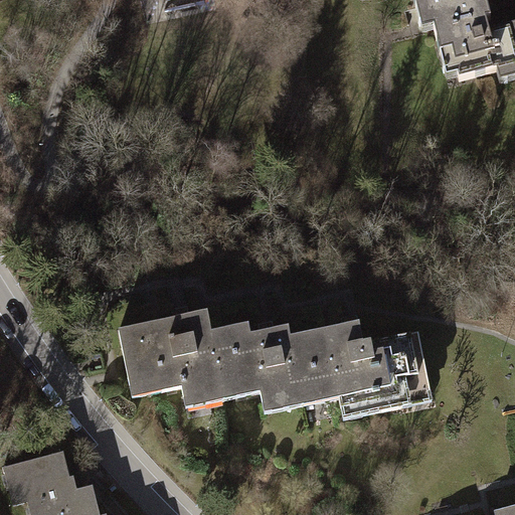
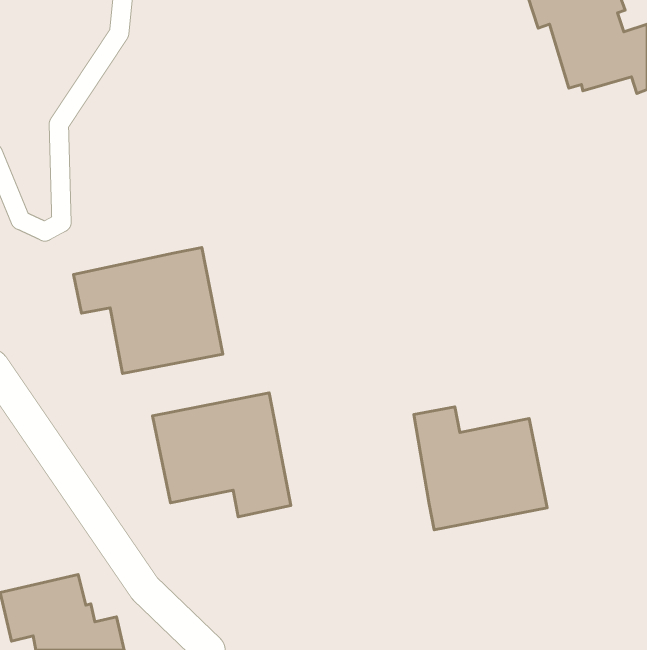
building: none -> [74,248,223,373]
building: [215,322,337,410] -> none

